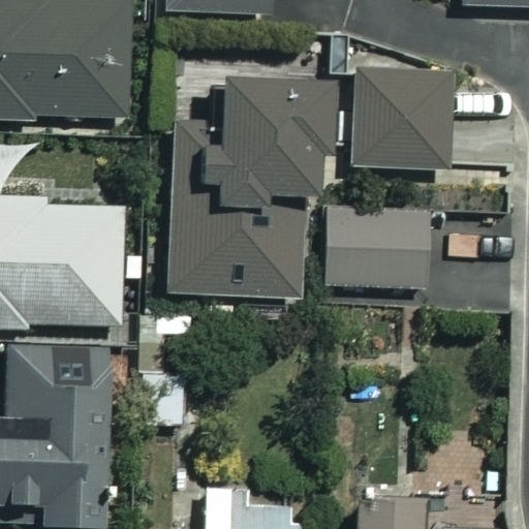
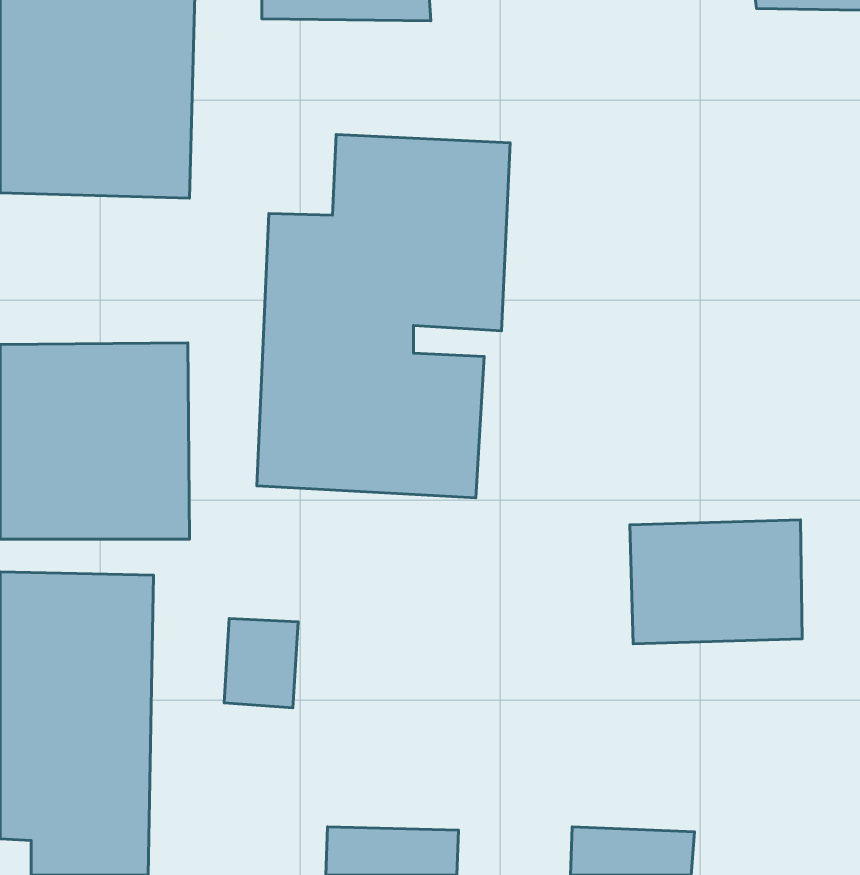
building: [351,72,452,168] -> none
building: [330,213,433,287] -> [630,520,802,644]

